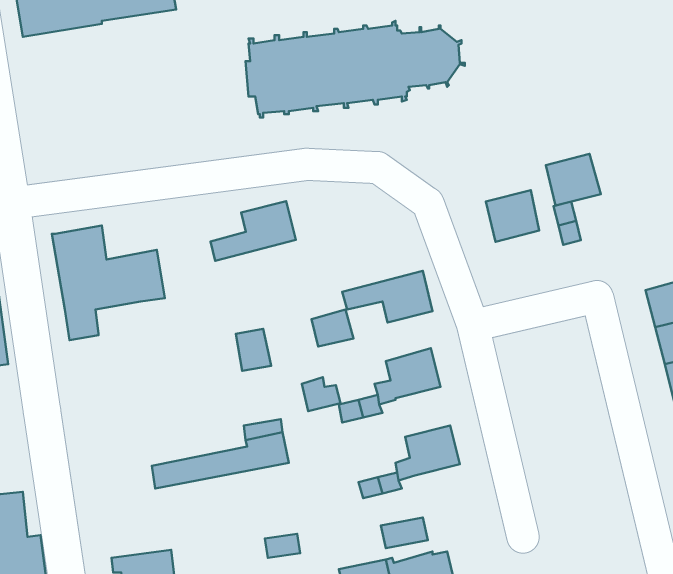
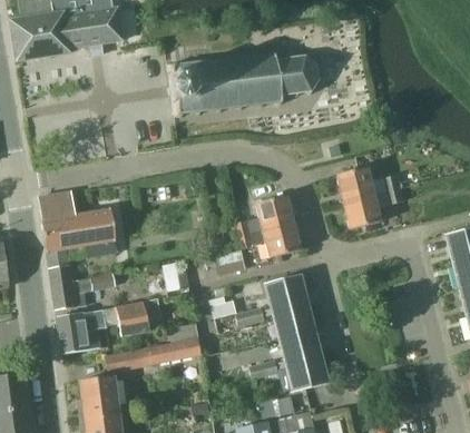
building: [546,154,601,205] -> [343,194,381,229]
building: [210,201,296,261] -> [234,195,293,236]
building: none -> [49,266,115,309]
building: none -> [56,299,163,354]
building: none -> [274,302,312,336]
building: none -> [287,355,325,390]
building: none -> [75,374,119,420]

